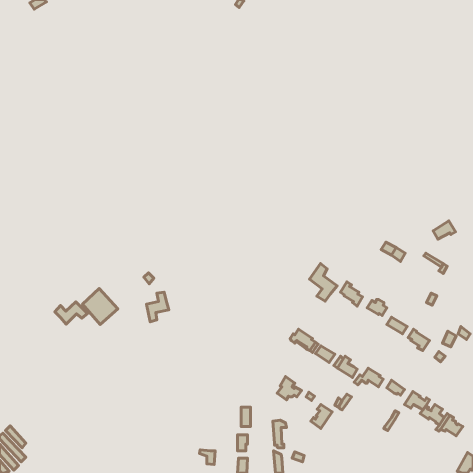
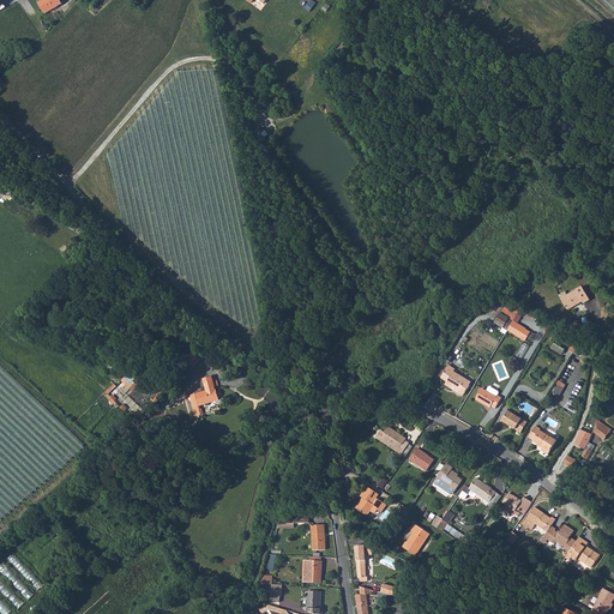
building: [310,263,337,301] -> none
building: [55,302,88,324] -> none

